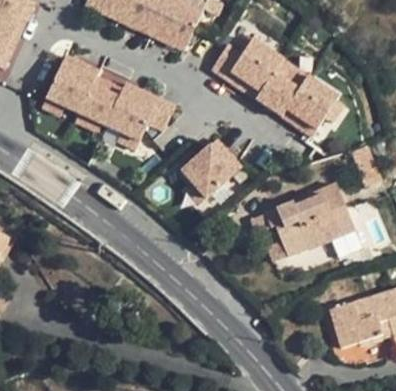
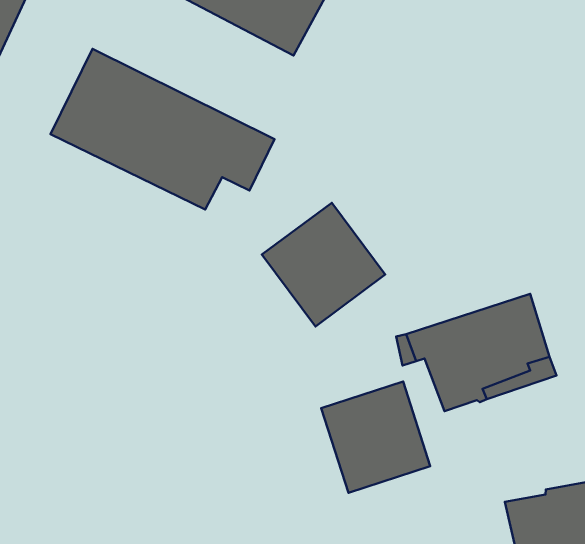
building: [212,29,351,137] -> none
building: none -> [321,382,430,493]

